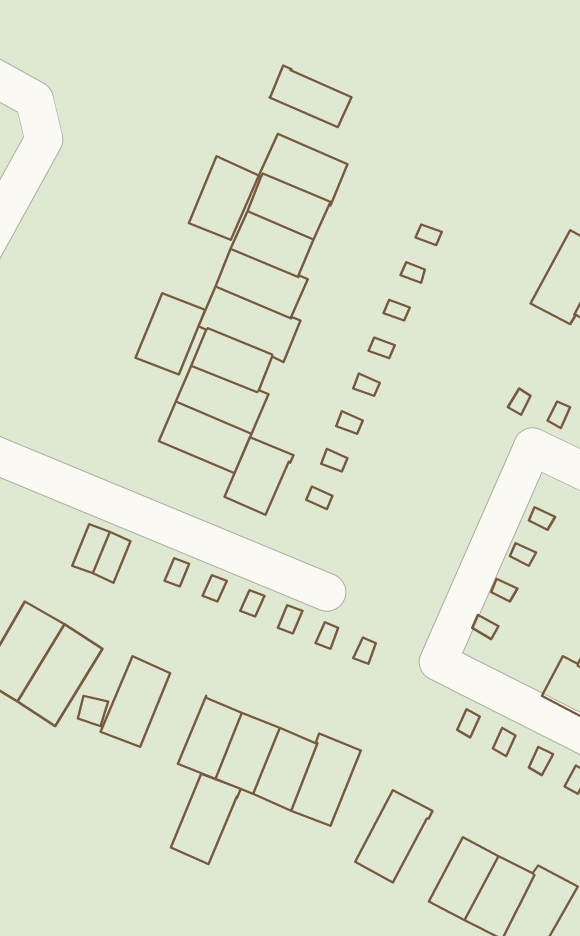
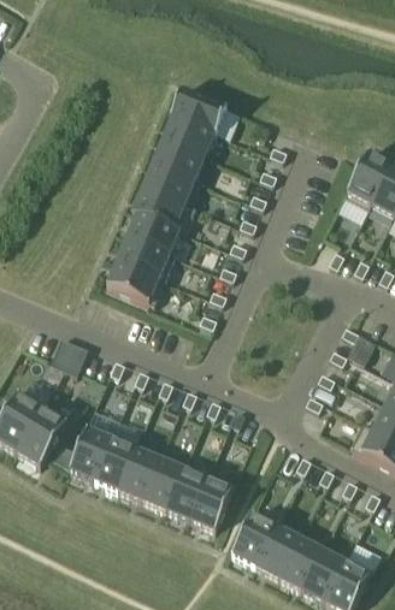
building: [269,65,352,127] -> none
building: [189,156,259,240] -> none
building: [136,293,205,374] -> none
building: [225,437,293,515] -> none
building: [171,774,241,864] -> [93,432,137,490]
building: none -> [254,525,299,578]

